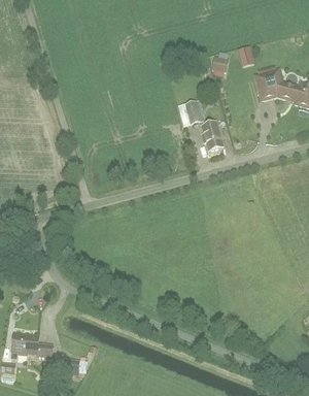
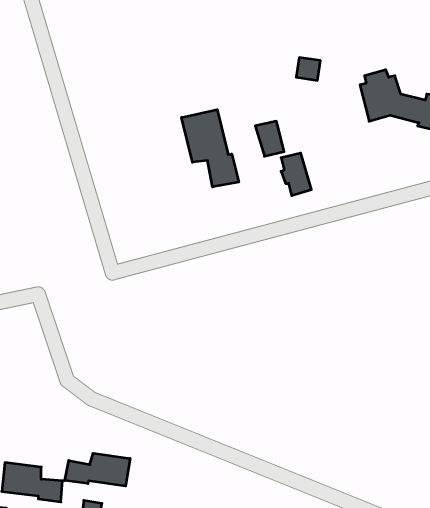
building: none -> [182,110,239,187]
building: none -> [65,453,130,486]

